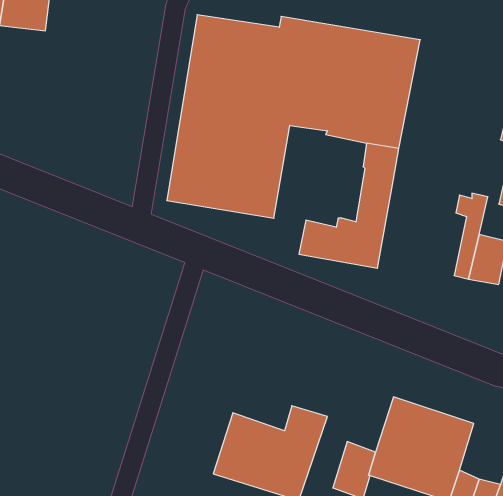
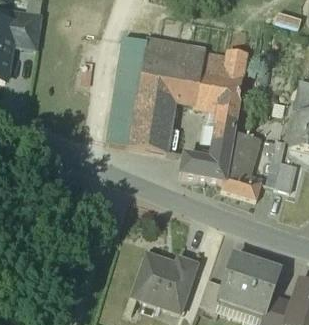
building: none -> [223,130,262,198]

